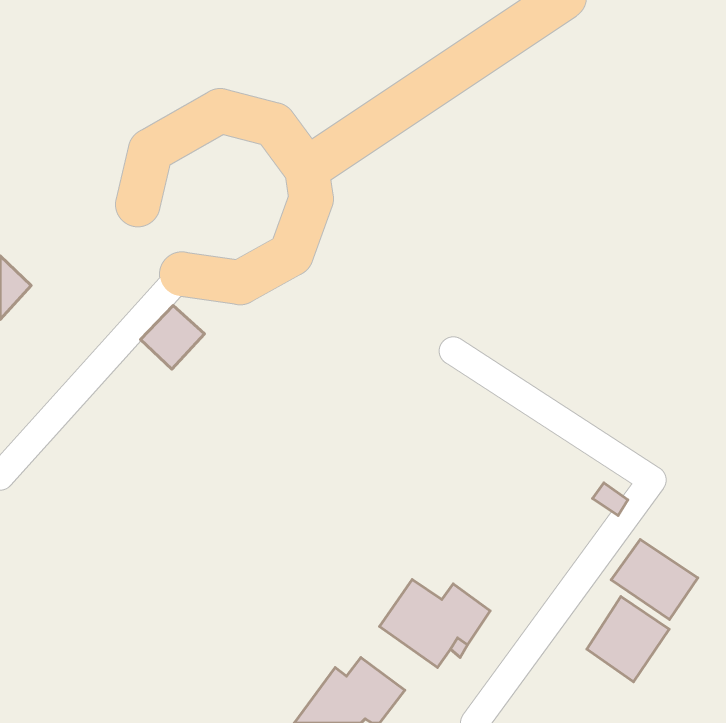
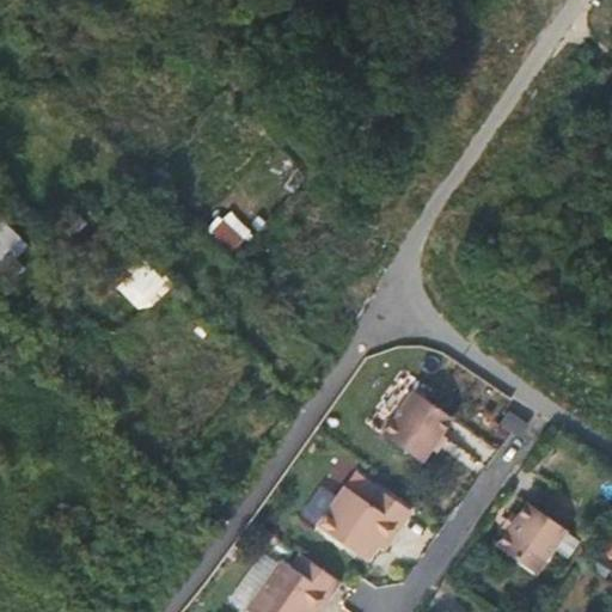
building: none -> [382,384,453,457]
building: [611,540,698,619] -> none

